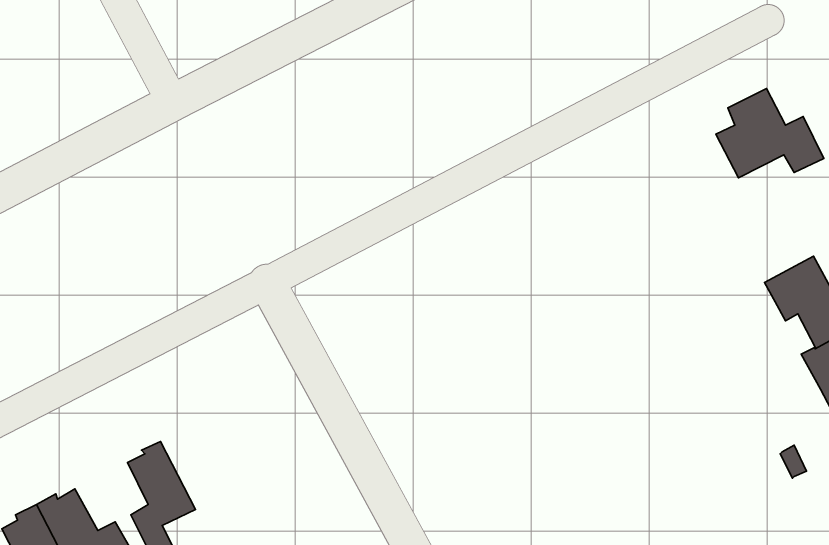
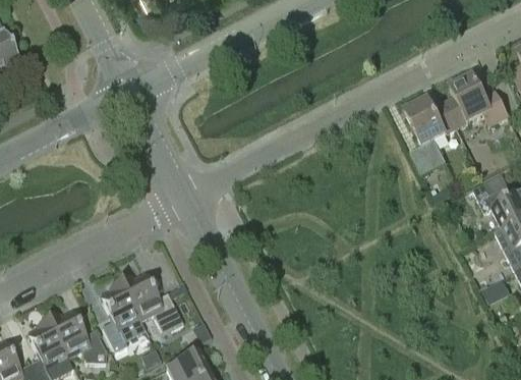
building: none -> [405,100,457,169]
building: none -> [120,273,183,334]

